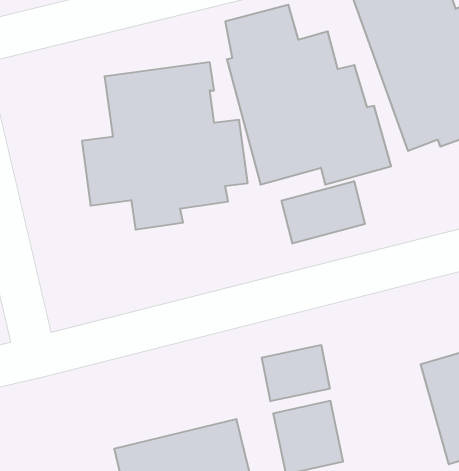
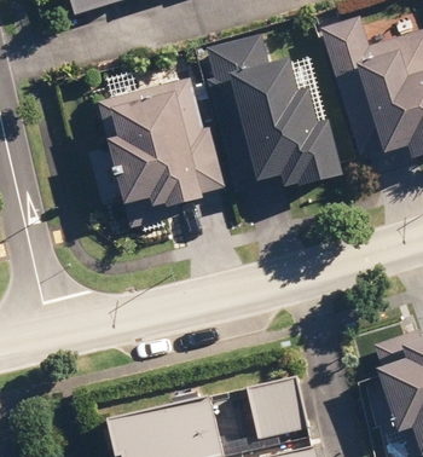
building: [282,181,365,244] -> none
building: [262,345,330,401] -> none

